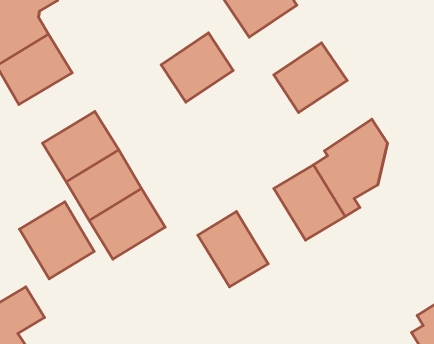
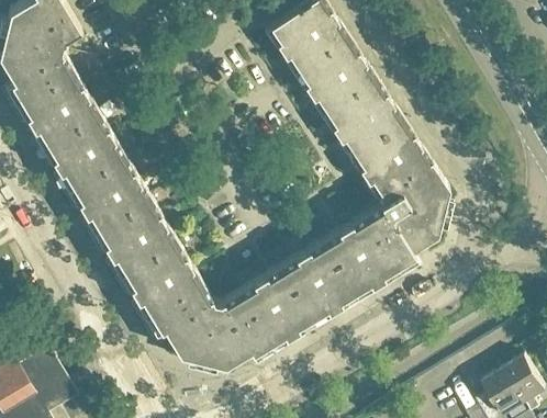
building: [161,33,233,102] -> [298,38,378,115]
building: none -> [42,113,126,191]
building: none -> [353,122,434,200]
building: none -> [283,241,360,325]
building: [20,202,94,279] -> none
building: none -> [146,284,276,366]

